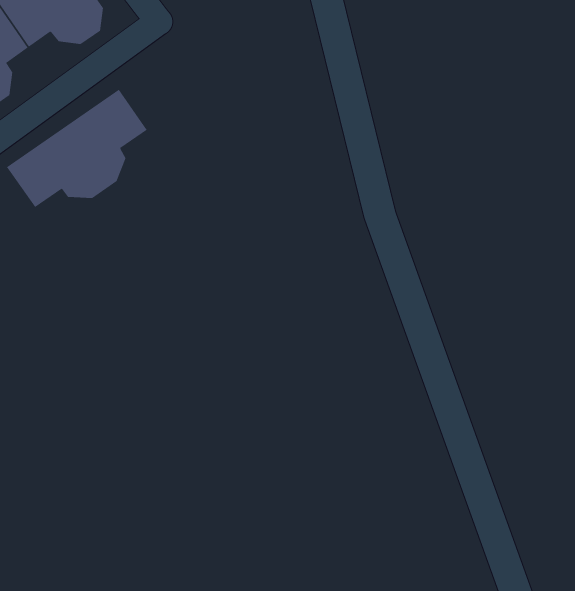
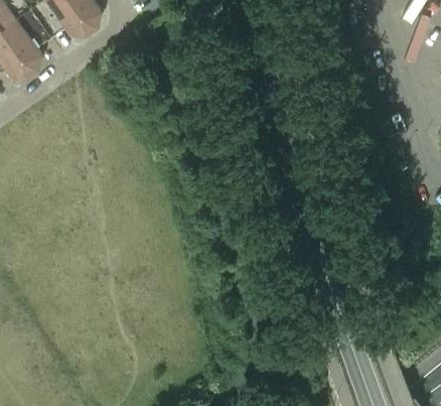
building: [6,89,148,208] -> none

